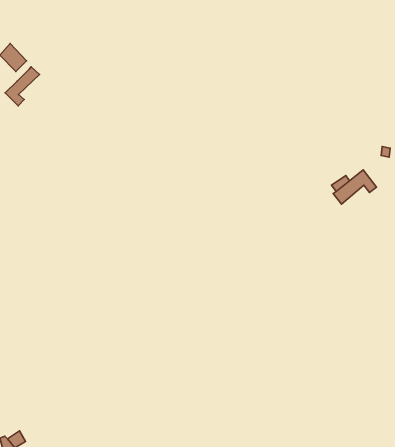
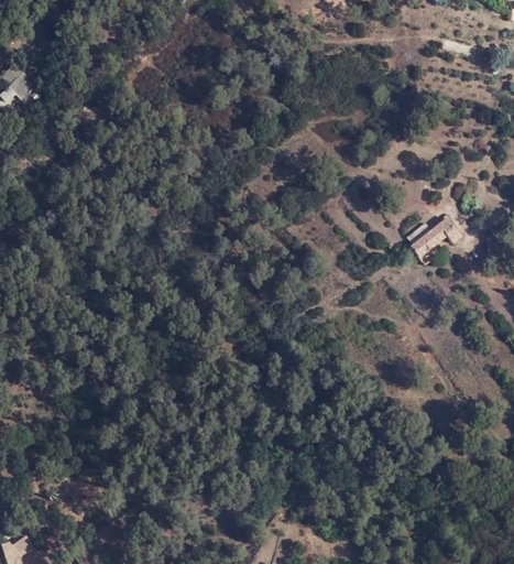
building: [5,67,40,106] -> none

